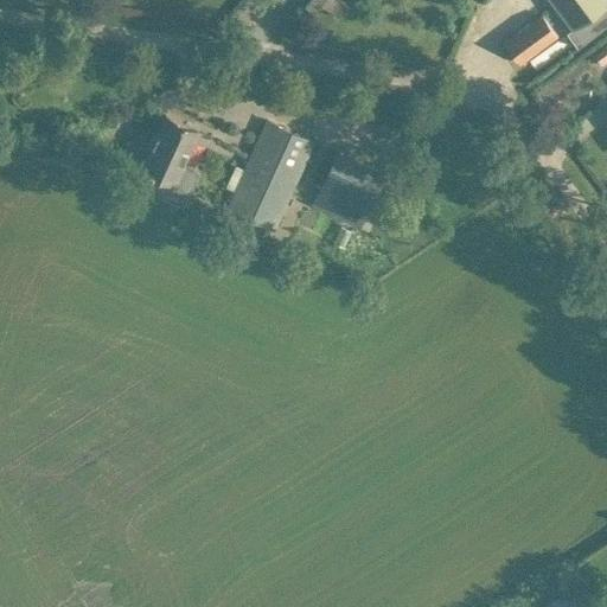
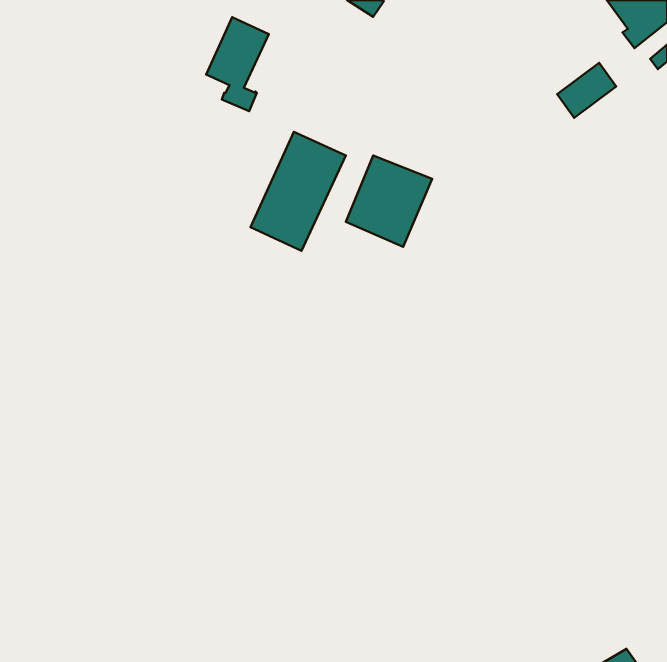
building: [504,18,557,68] -> [557,63,616,118]
building: [142,120,199,205] -> [206,17,269,111]

